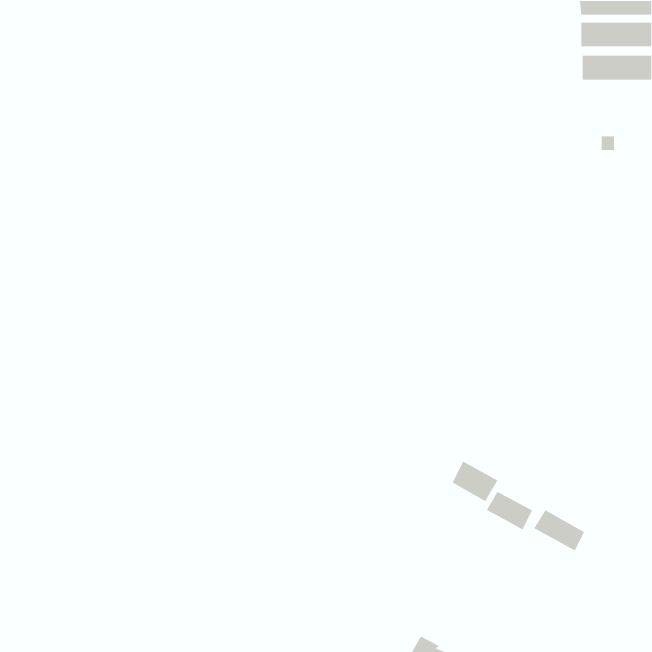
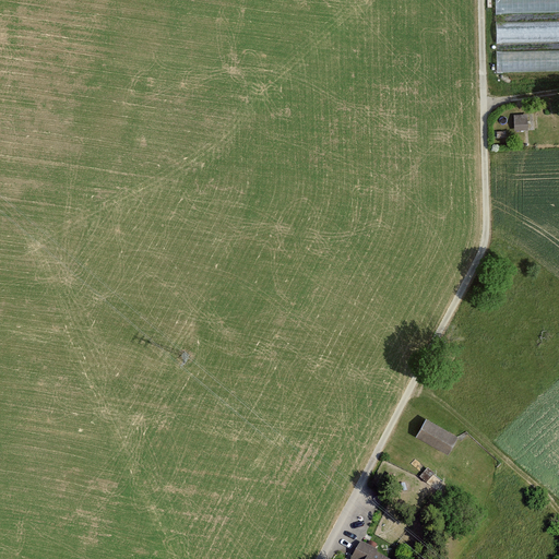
building: [451,461,498,502] -> none
building: [533,509,585,552] -> none

